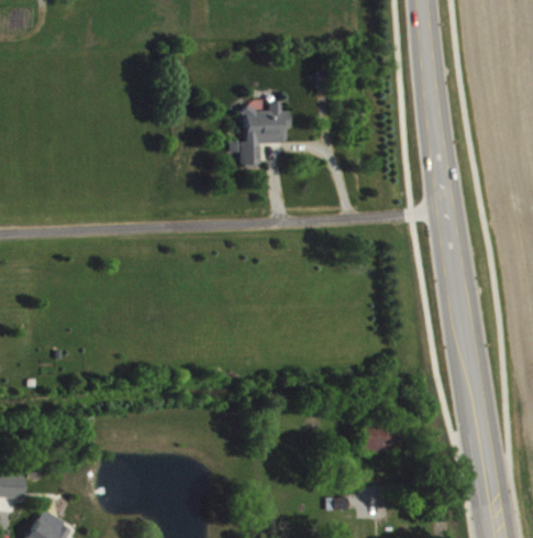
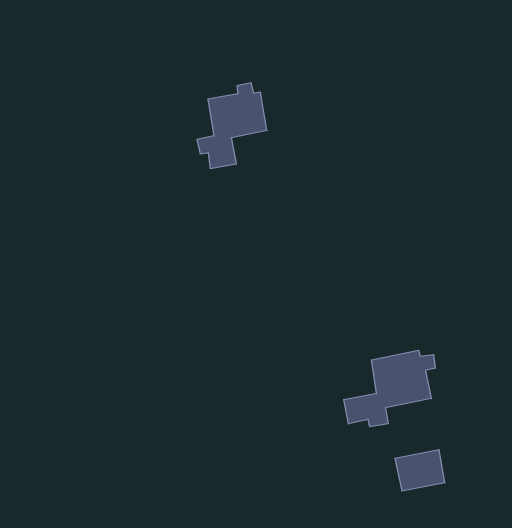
building: none -> [344,350,435,427]

